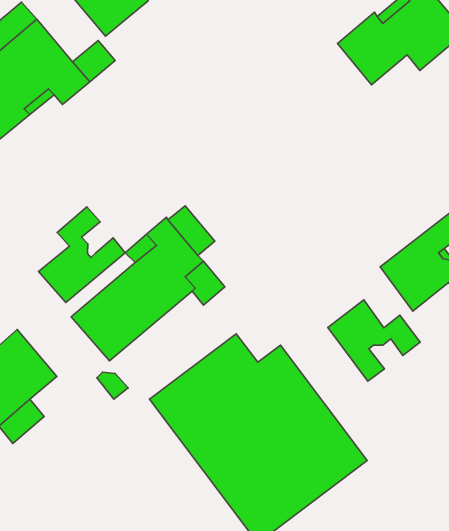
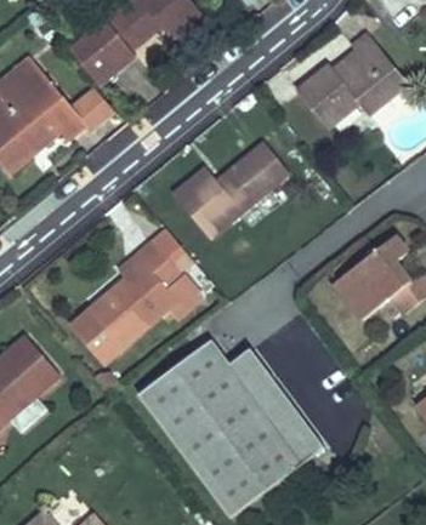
building: none -> [172,142,288,236]
building: [39,207,125,303] -> none
building: [328,300,420,381] -> none

